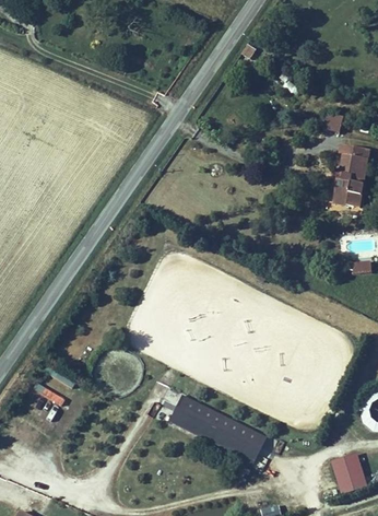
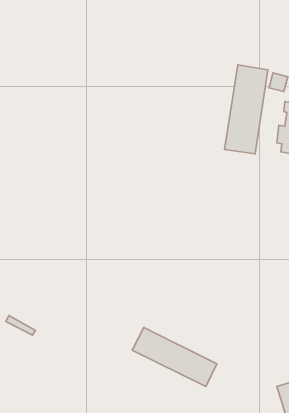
building: none -> [224,65,268,154]

